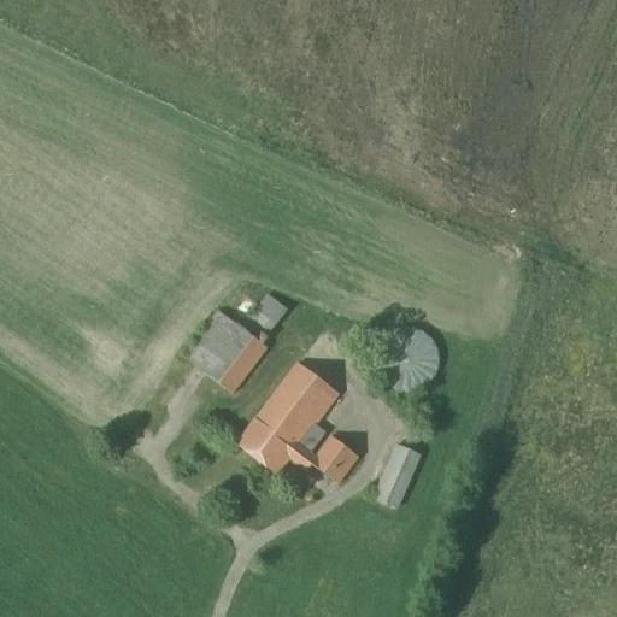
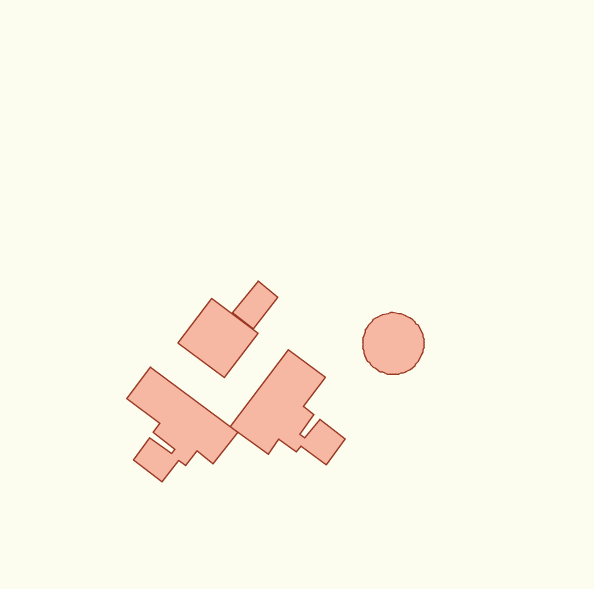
building: none -> [127,367,238,482]
building: [376,442,422,506] -> none

